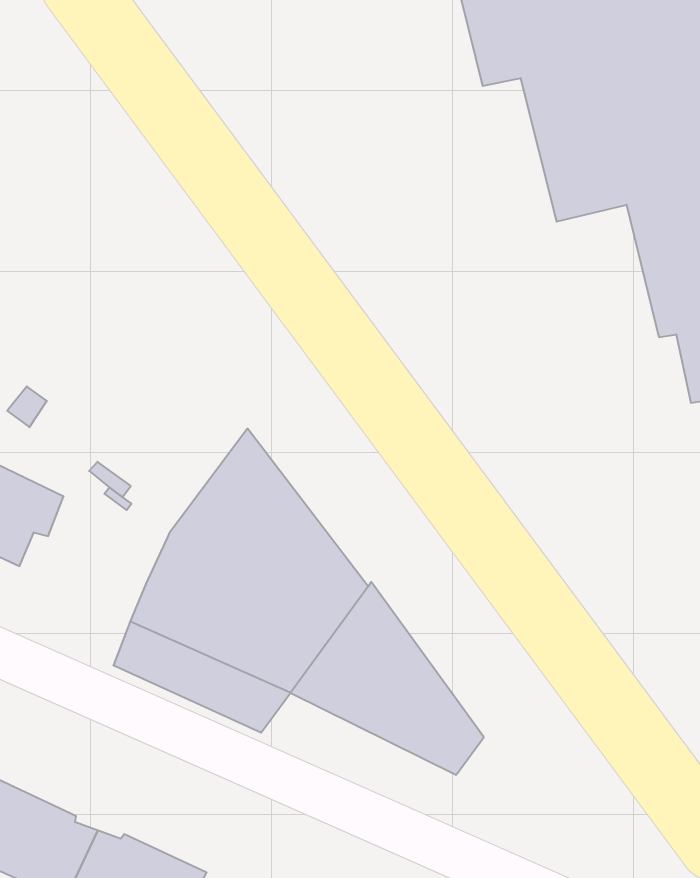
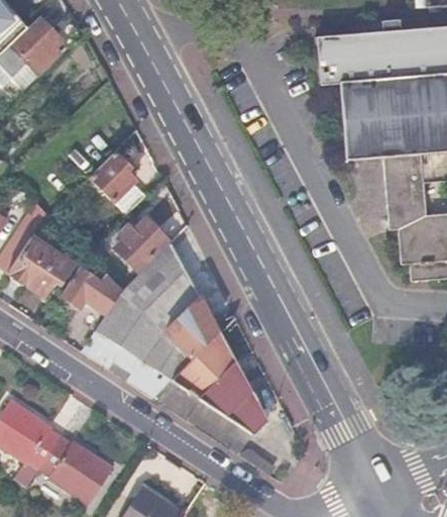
building: none -> [90,151,144,212]
building: none -> [116,212,189,268]
building: none -> [60,266,122,313]

